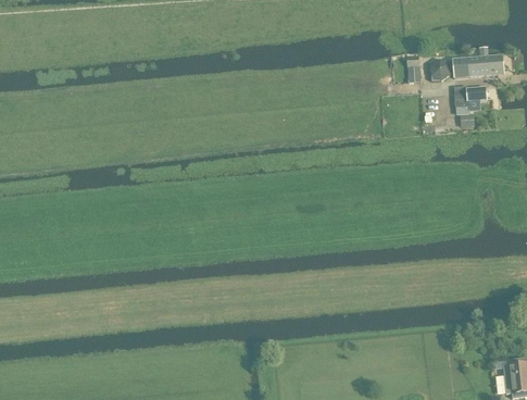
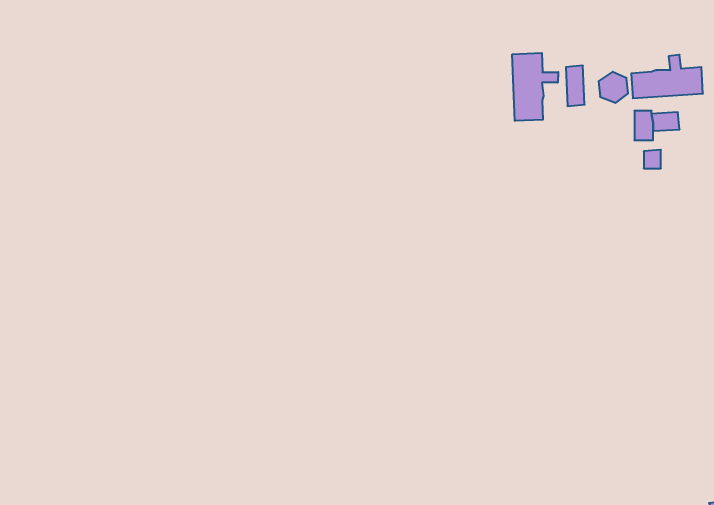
building: none -> [512,53,558,121]

